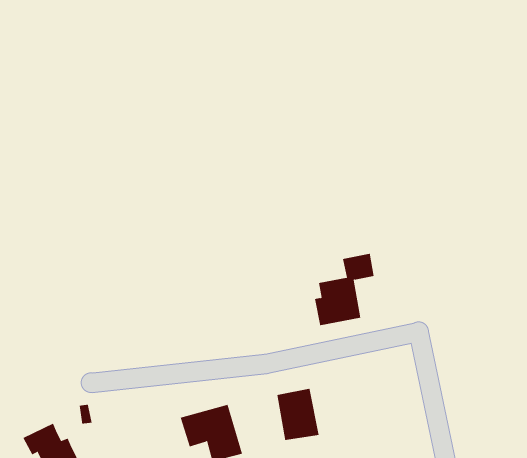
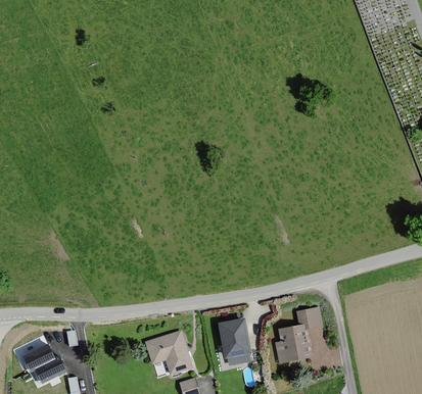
building: [314,253,375,326] -> [276,307,322,362]

